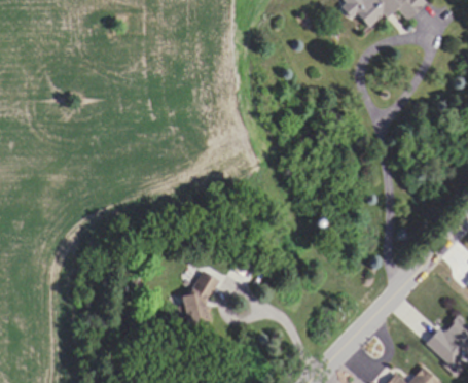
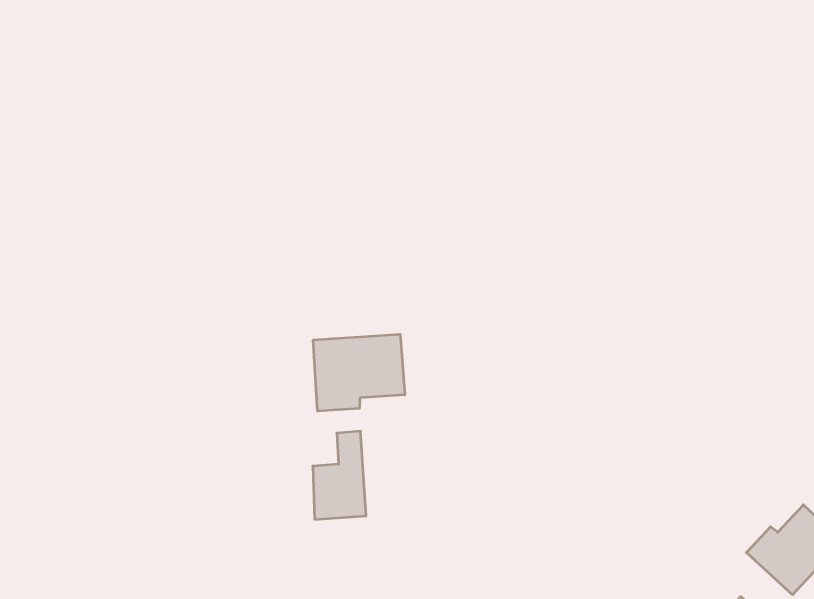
building: none -> [313,334,405,411]

